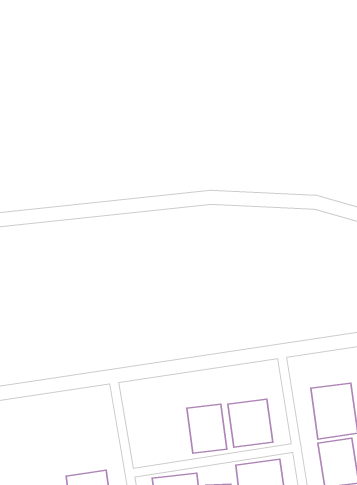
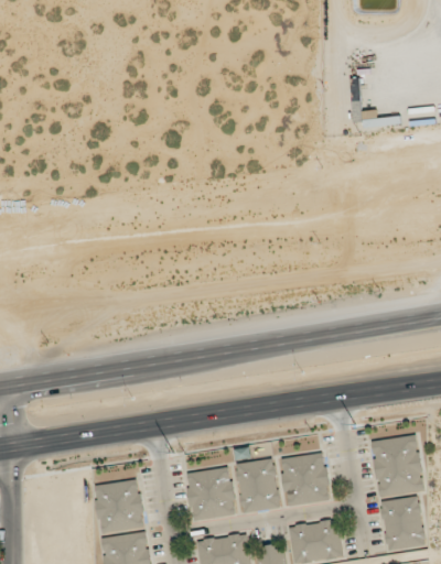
building: none -> [186,468,235,521]
building: none -> [94,480,143,534]

